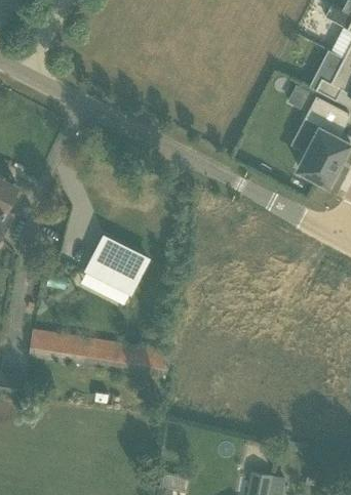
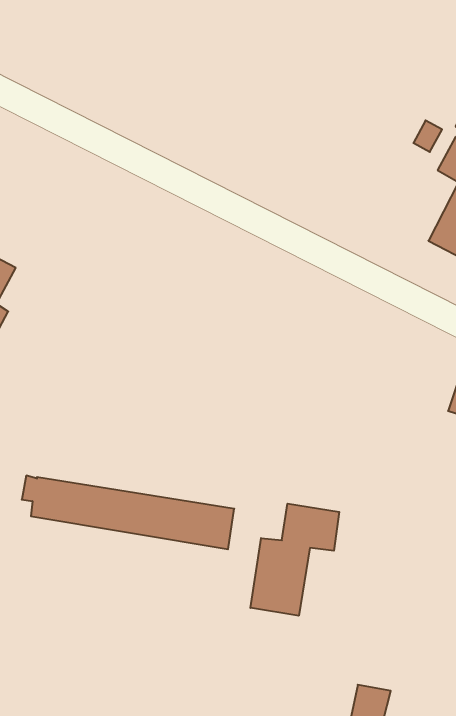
building: [86,237,148,293] -> none
building: none -> [250,504,339,616]

